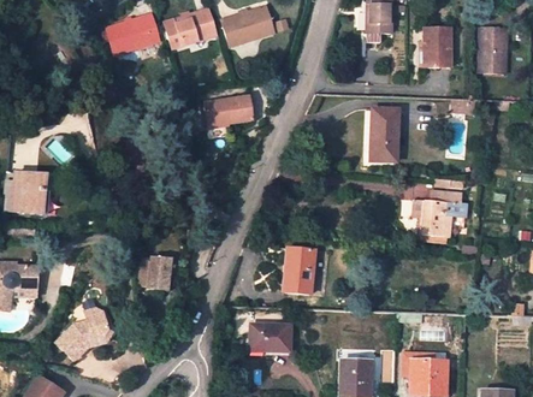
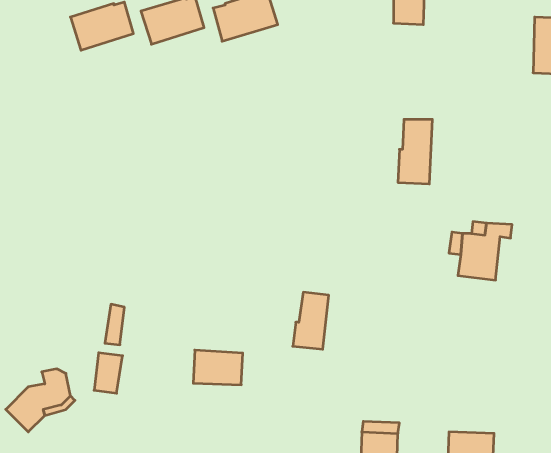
building: [421,29,449,67] -> none
building: [202,96,250,129] -> none
building: [147,260,170,292] -> [94,353,123,393]
building: [250,324,290,351] -> [193,350,243,385]

